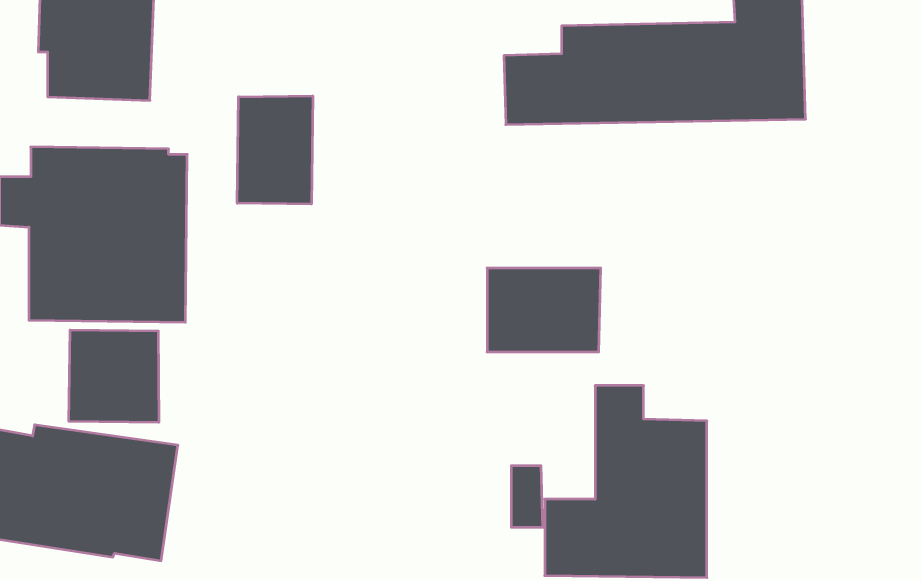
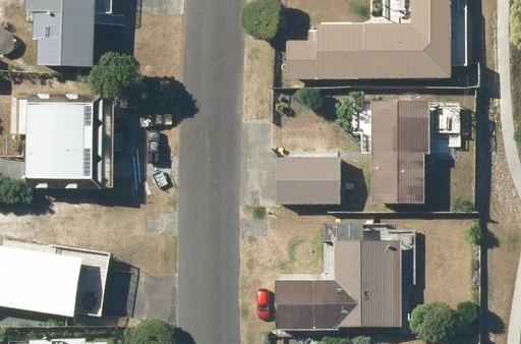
building: [237,96,313,204] -> none
building: none -> [370,100,428,203]
building: [69,330,159,422] -> none

